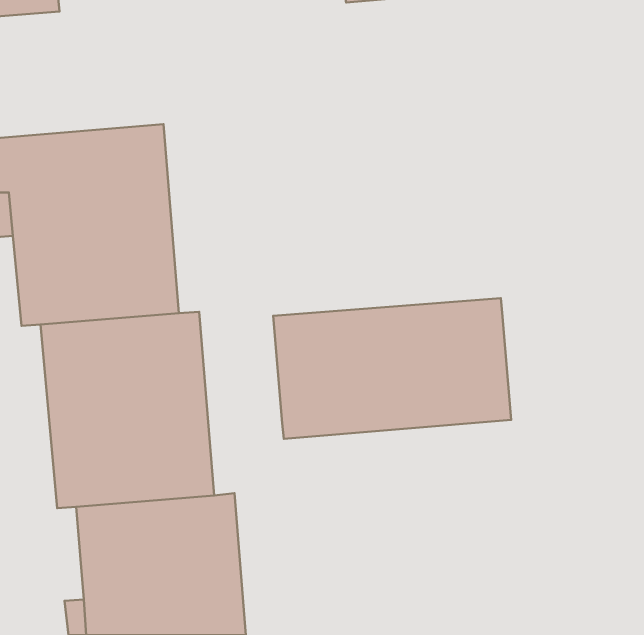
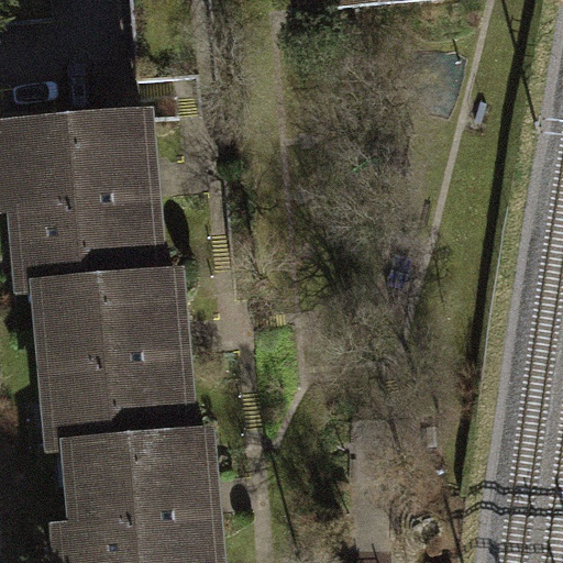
building: [273,298,511,439] -> none

